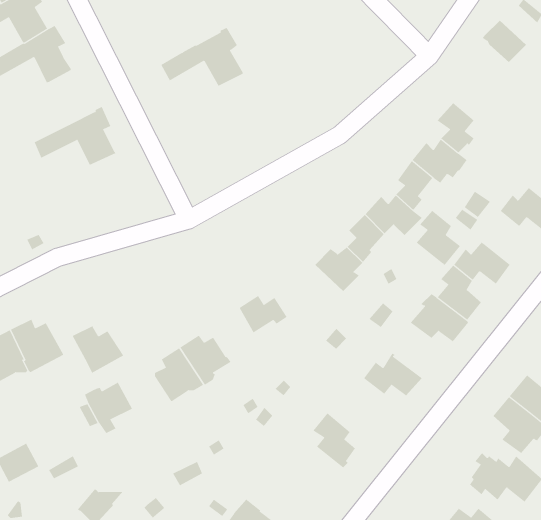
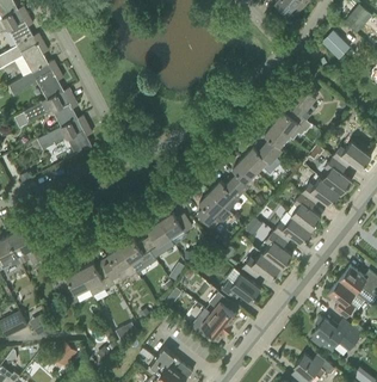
building: [161,27,243,86] -> [8,60,63,99]
building: none -> [36,115,91,154]
building: [416,210,461,266] -> [321,156,351,193]
building: none -> [197,192,231,228]
building: none -> [142,221,173,258]
building: none -> [261,230,292,269]
building: [72,325,124,374] -> [79,263,113,295]
building: none -> [221,267,260,301]
building: none -> [190,308,228,338]

